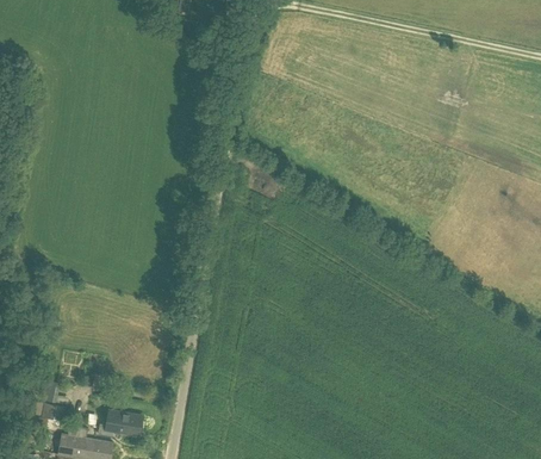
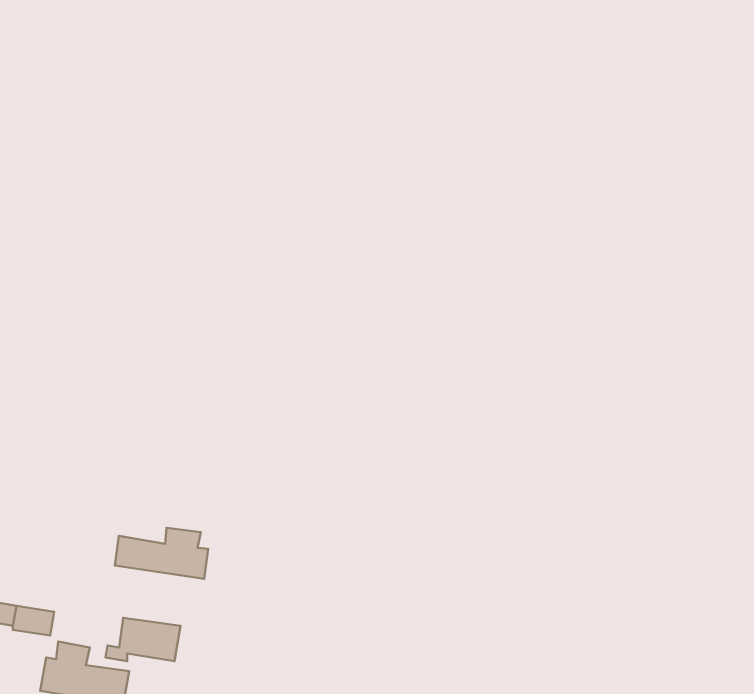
building: none -> [115,528,208,579]

